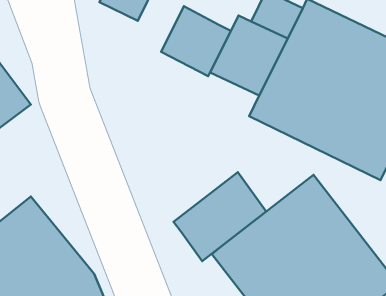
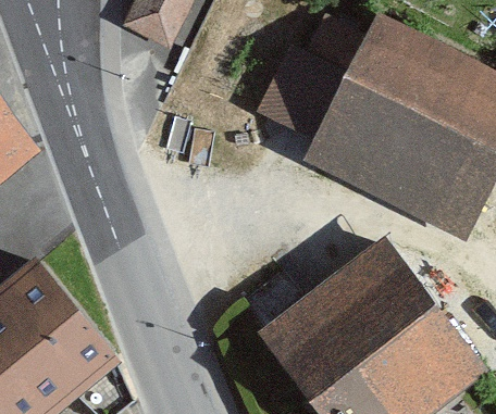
building: [161,6,231,76] -> none
building: [174,172,266,261] -> none

